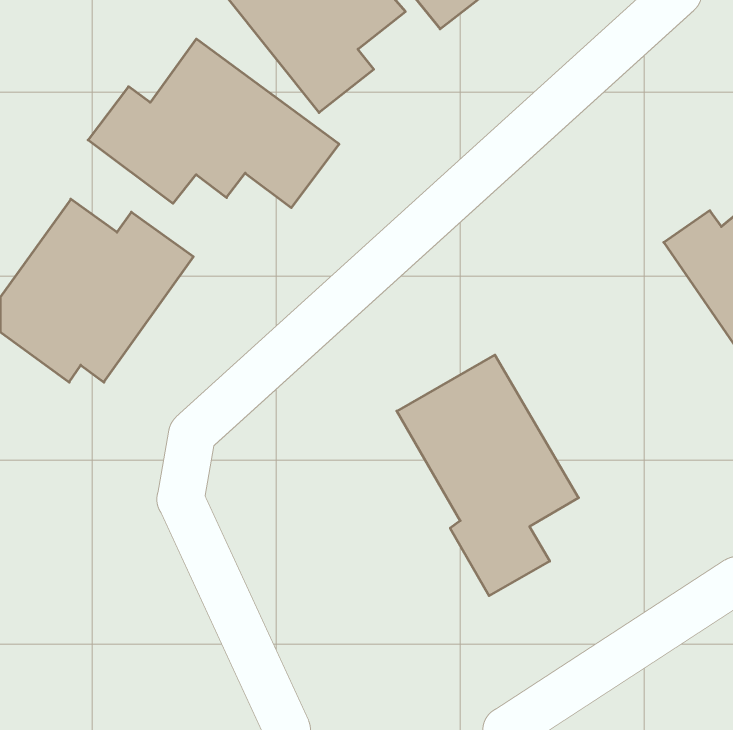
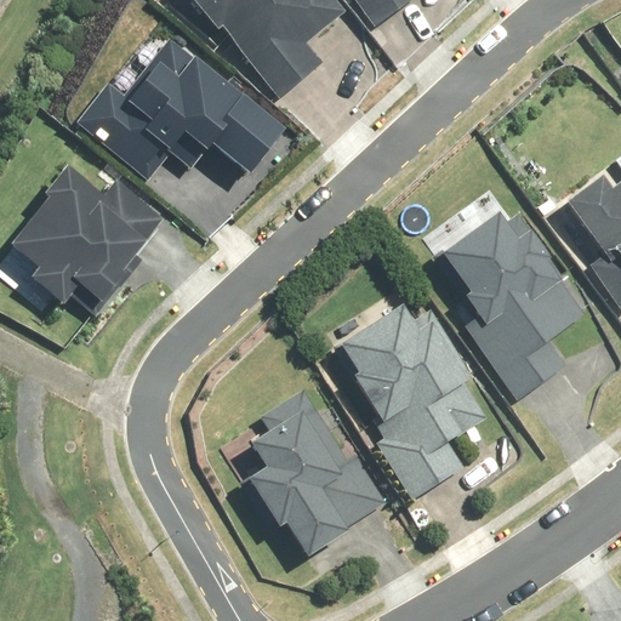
building: none -> [435,200,588,400]
building: none -> [243,399,401,565]

